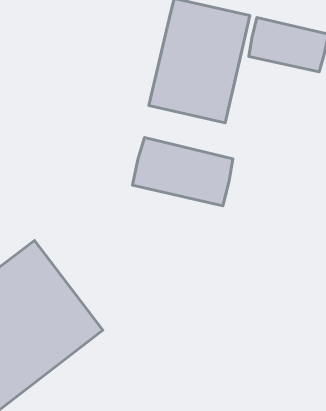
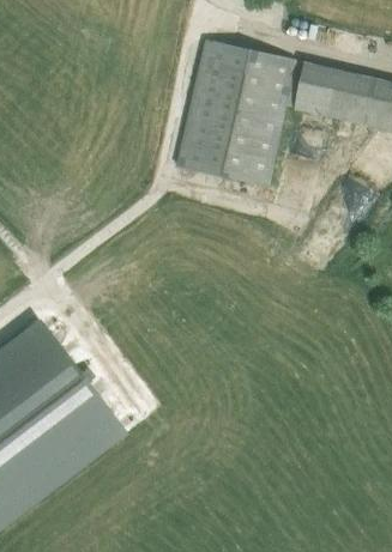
building: [133,137,233,206] -> none

